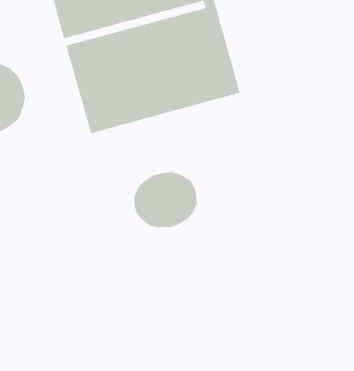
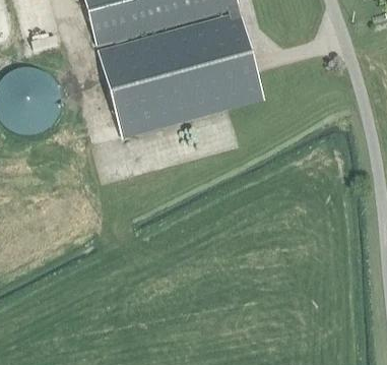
building: [134,171,197,228] -> none

